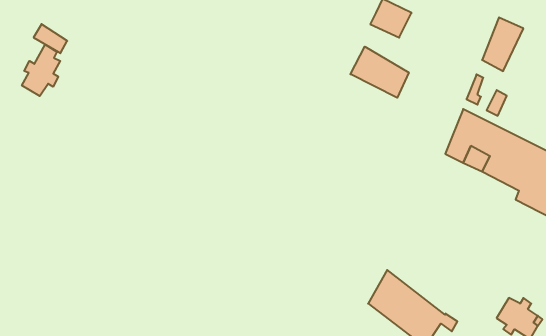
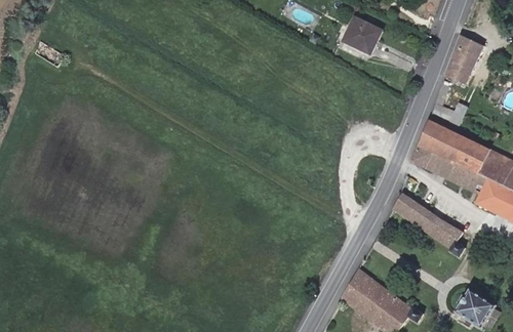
building: [22,45,60,96] -> none
building: [350,47,409,98] -> none
building: none -> [392,193,465,256]

